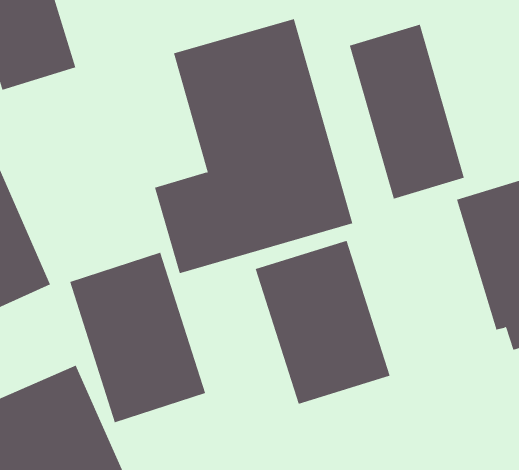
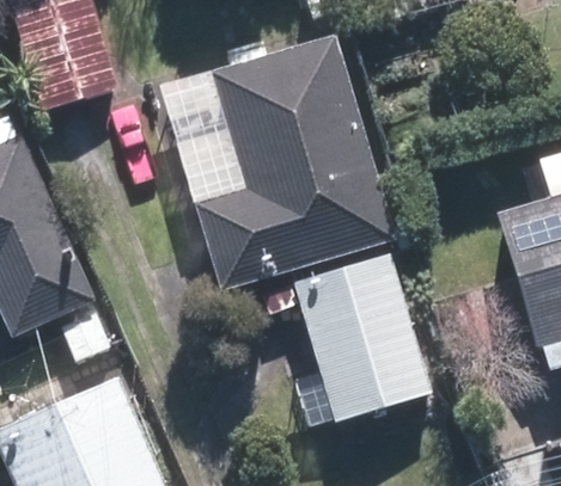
building: [349,24,464,199] -> none
building: [69,252,206,423] -> none

